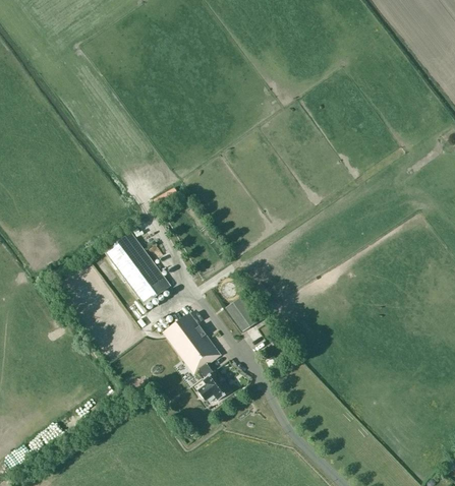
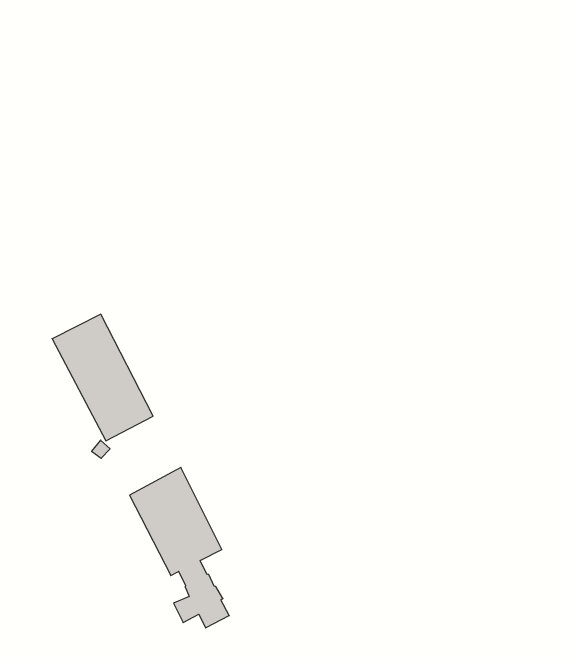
building: [226,296,258,332] -> none

